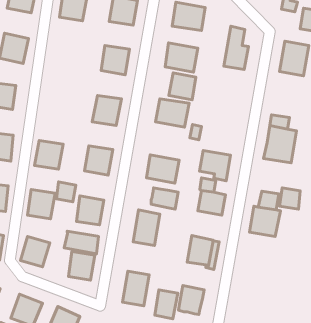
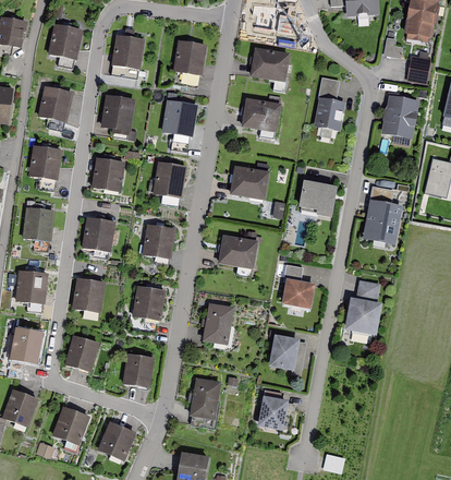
building: none -> [100,94,135,132]
building: [169,73,196,100] -> none
building: none -> [92,157,125,192]
building: [199,151,231,181] -> [298,181,337,218]
building: [56,182,76,202] -> none
building: [151,188,178,209] -> none
building: [280,188,300,209] -> none
building: [64,231,99,254] -> none
building: [155,290,178,319] -> none

